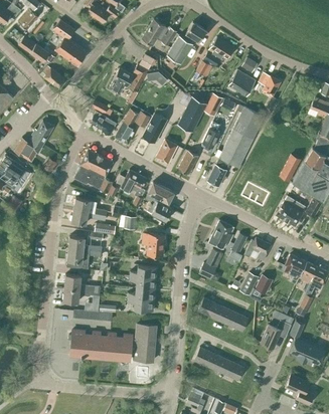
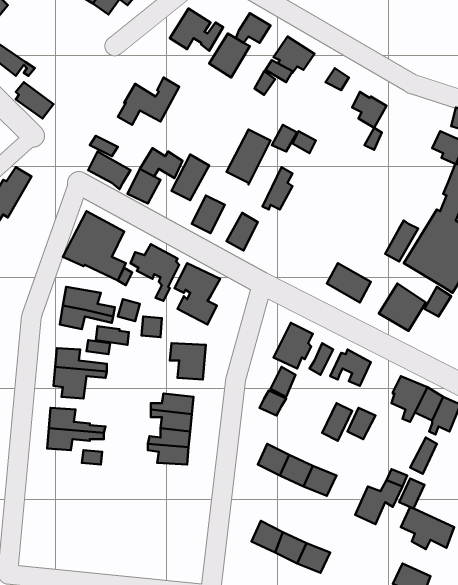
building: [53,19,87,65] -> none
building: [228,69,256,95] -> none
building: [207,107,264,185] -> none
building: [68,324,156,361] -> none

